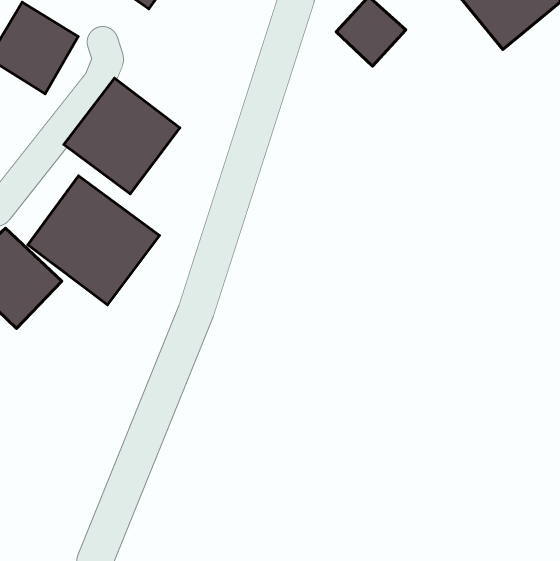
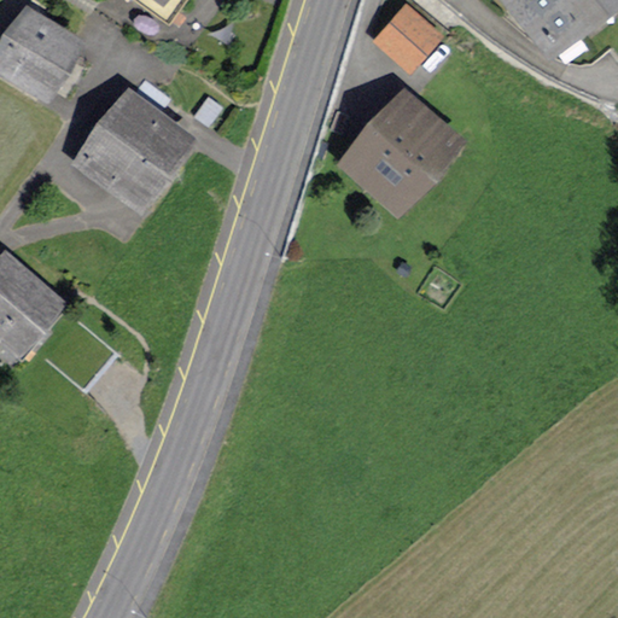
building: none -> [334,86,464,216]
building: [28,176,159,305] -> none

